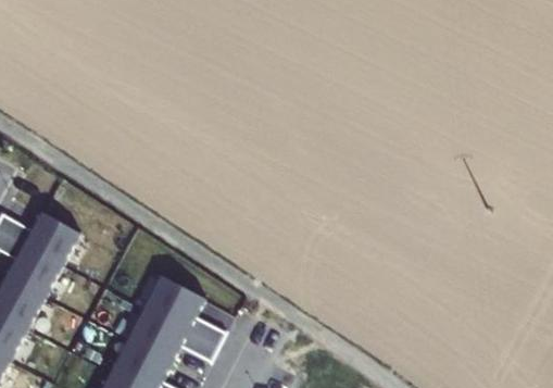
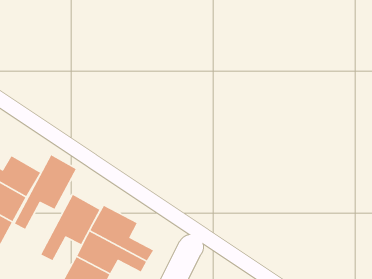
building: none -> [14,154,77,230]
building: none -> [40,194,100,261]

